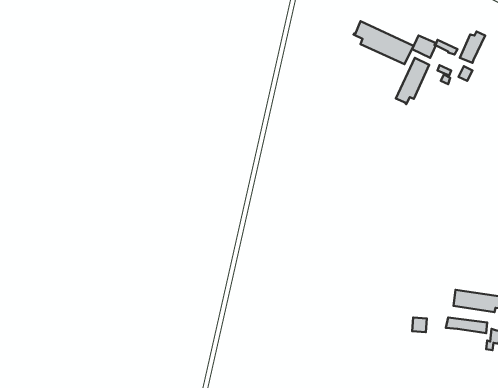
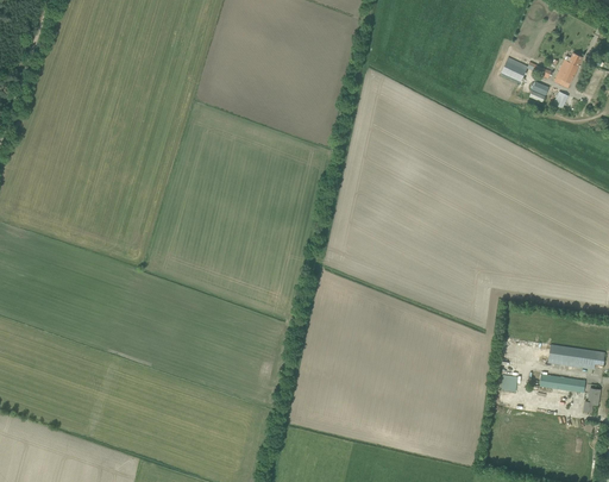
building: [353,21,414,64] -> none
building: [396,58,429,104] -> none

